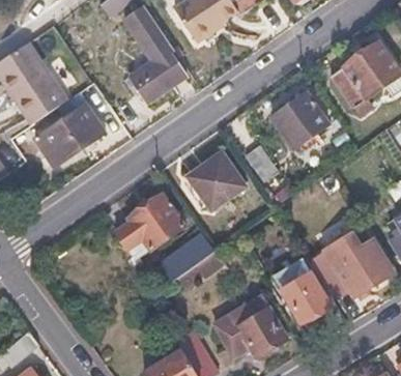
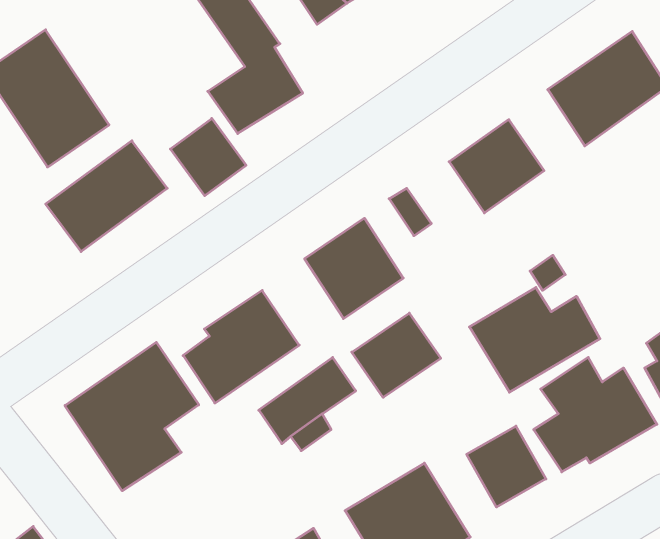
building: none -> [170,118,246,196]
building: none -> [469,287,600,392]
building: none -> [352,313,441,397]
building: none -> [65,342,199,491]

